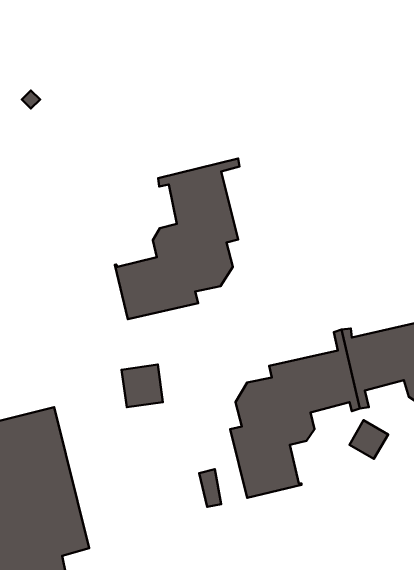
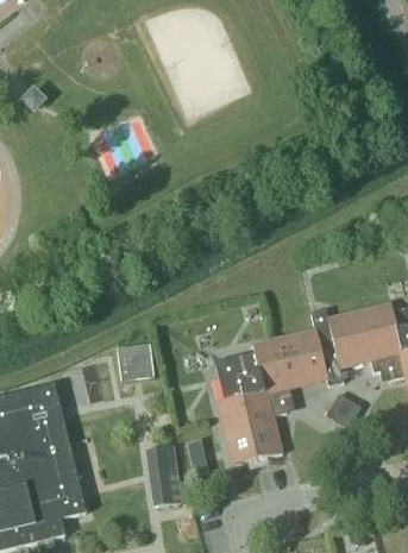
building: [115,159,239,319] -> none
building: none -> [150,446,181,505]

